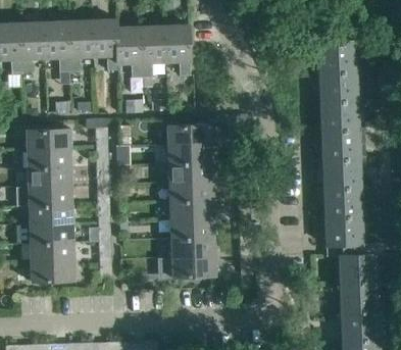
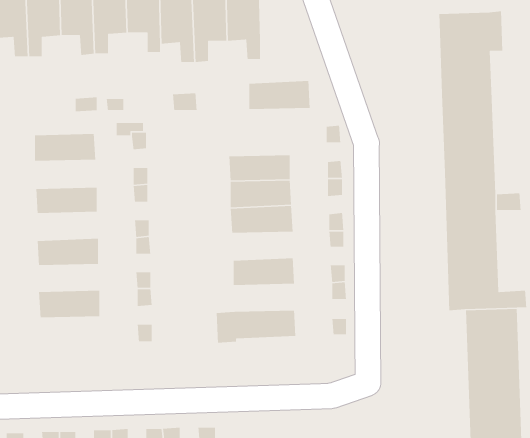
building: [166,123,211,145] -> [249,80,311,110]
building: [26,148,71,168] -> none
building: [28,186,72,206] -> none
building: [168,200,213,220] -> none
building: [29,223,73,243] -> none
building: [169,238,214,257] -> none
building: [30,261,74,282] -> none

